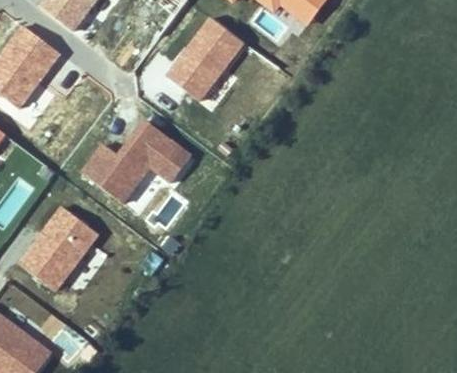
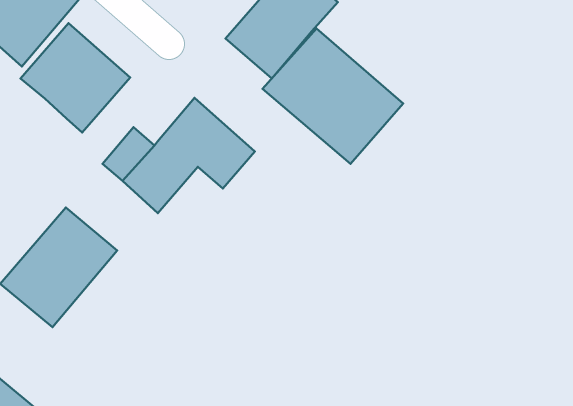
building: none -> [262,28,403,164]
building: none -> [20,23,130,133]

